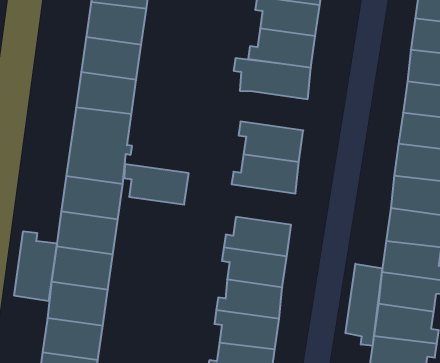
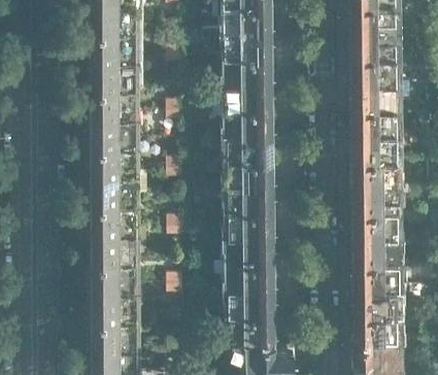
building: none -> [224,101,275,127]
building: [124,164,189,205] -> [224,178,276,204]
building: [14,231,57,301] -> none
building: [346,264,382,346] -> none

